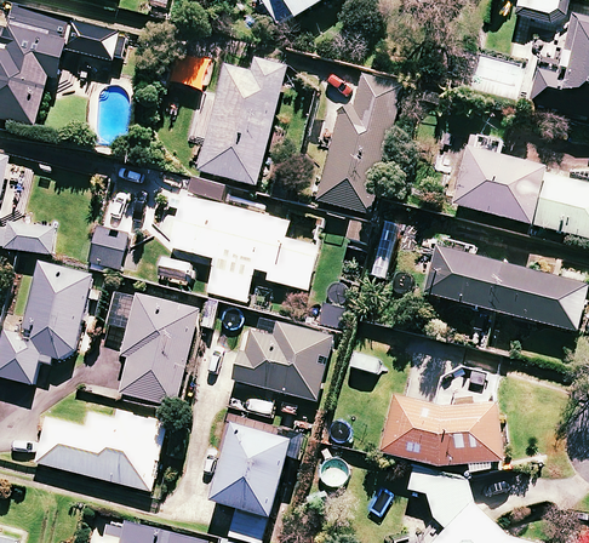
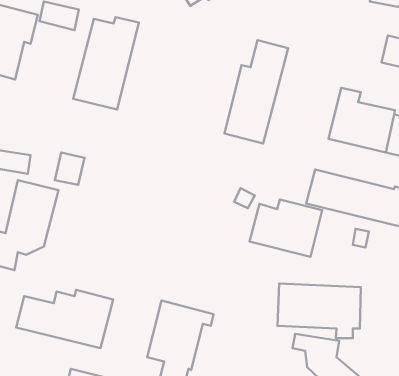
building: [196,59,285,184] -> [73,17,139,110]
building: [170,194,318,299] -> none
building: [104,287,198,405] -> none
building: [233,321,331,399] -> [249,199,322,257]

